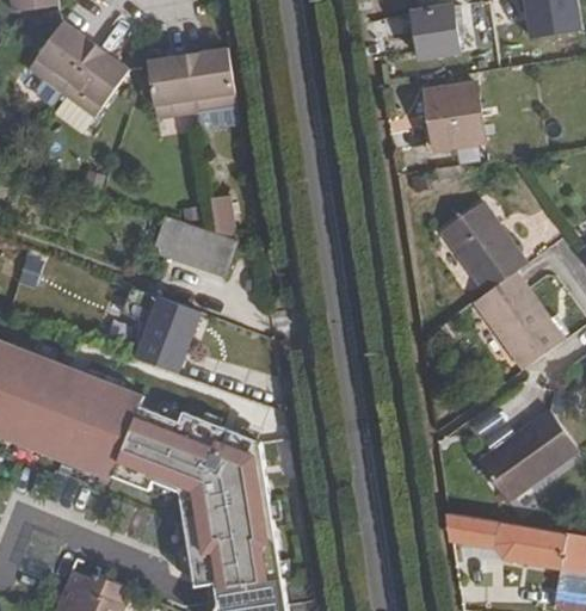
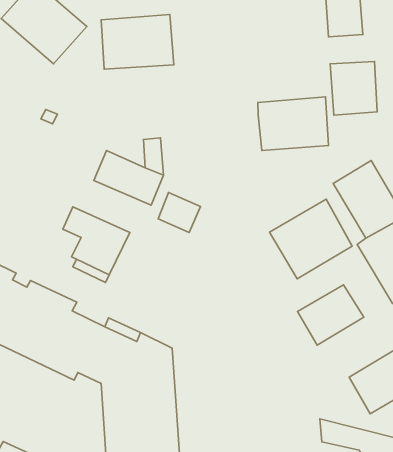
building: none -> [258,97,329,150]
building: none -> [269,199,352,279]
building: none -> [158,193,200,233]
building: none -> [297,285,364,345]

